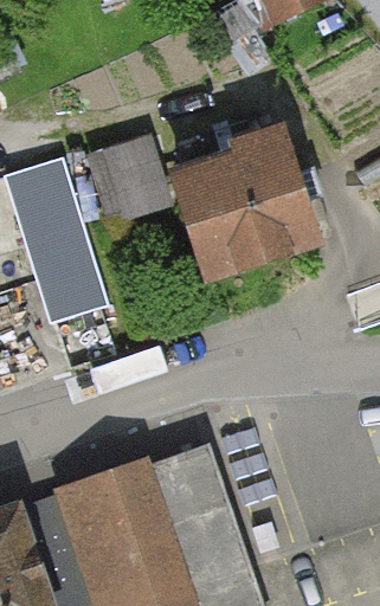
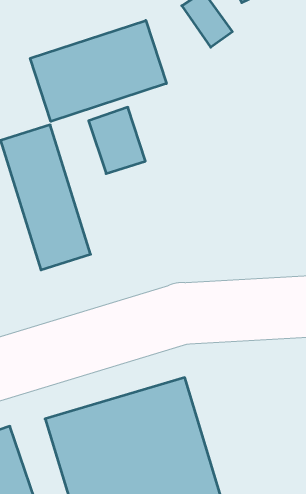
building: none -> [30,20,166,121]
building: [174,129,315,277] -> none

